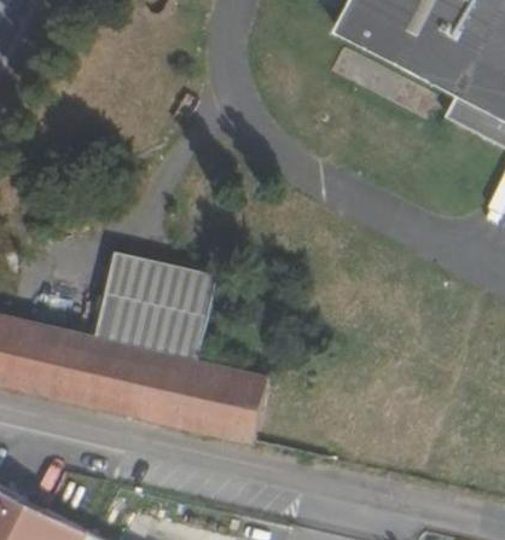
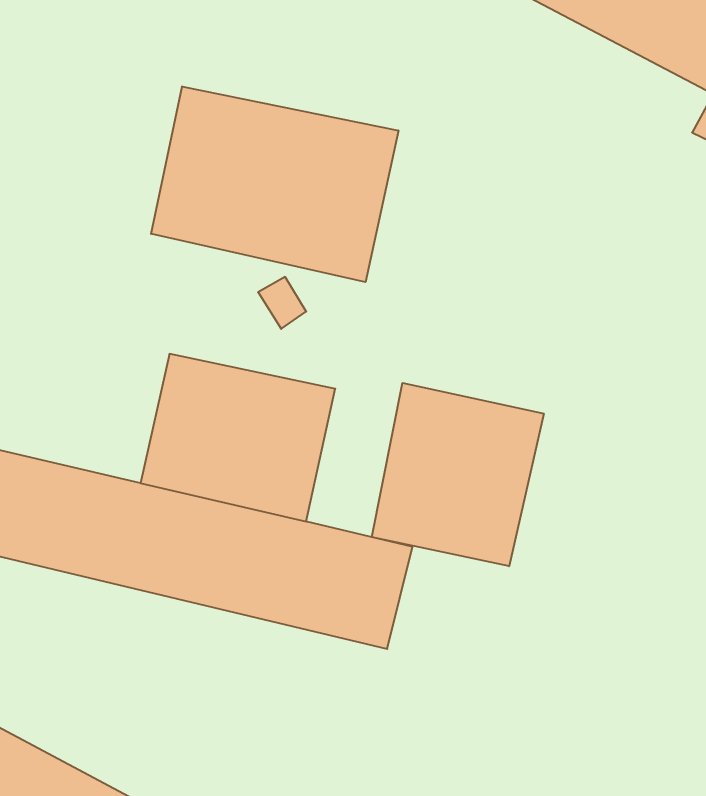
building: none -> [151,86,398,282]
building: none -> [372,383,544,566]

